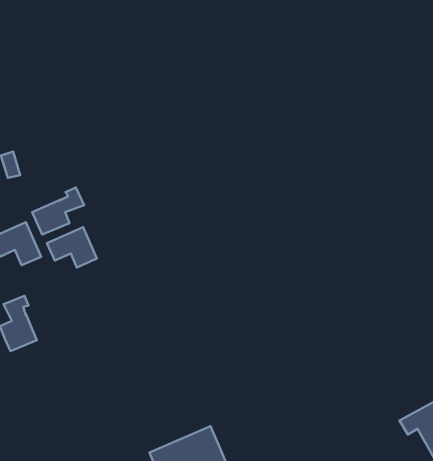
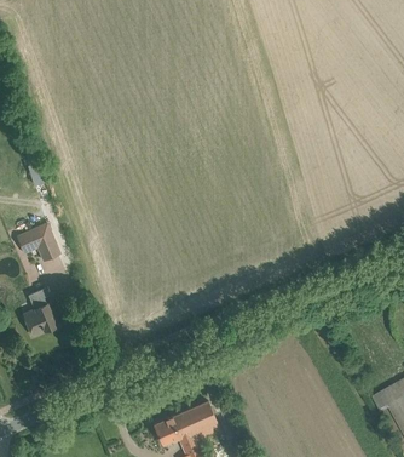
building: [32,188,84,235] -> none
building: [47,227,97,268] -> none

